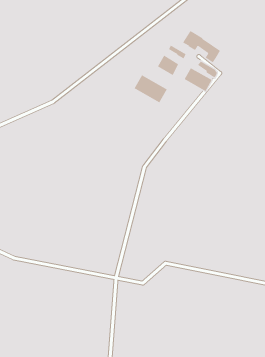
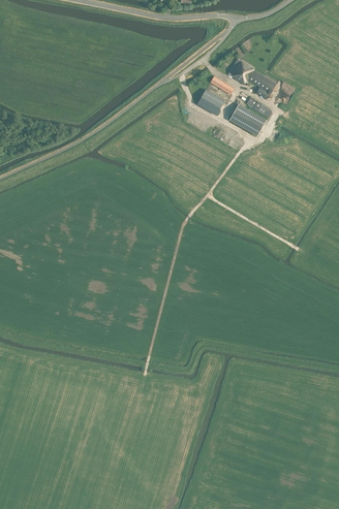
building: [134,74,167,103] -> none

